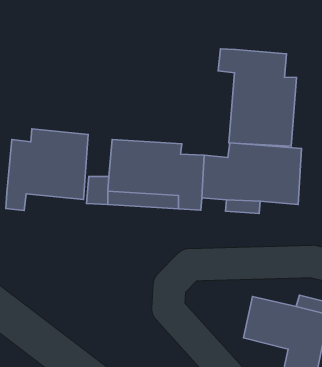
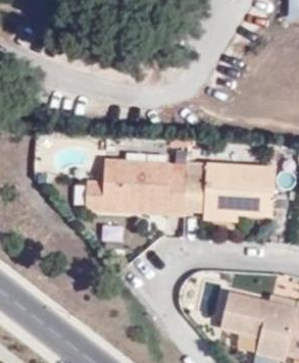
building: [218,49,297,146] -> none
building: [6,129,88,211] -> none

